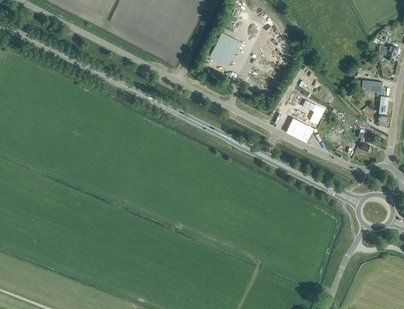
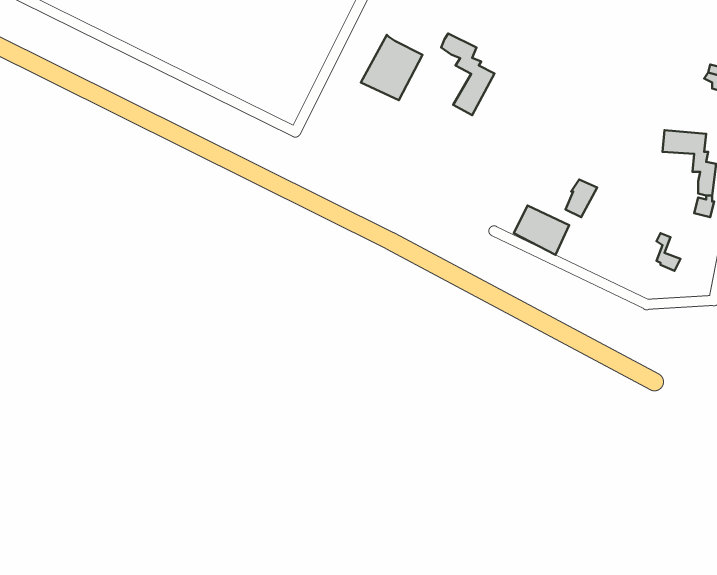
building: none -> [441,33,495,115]

